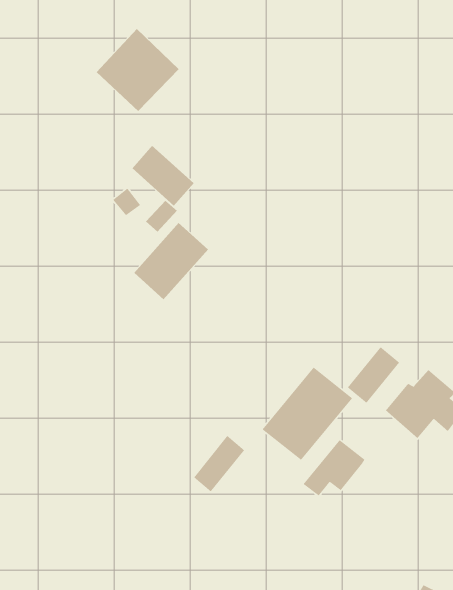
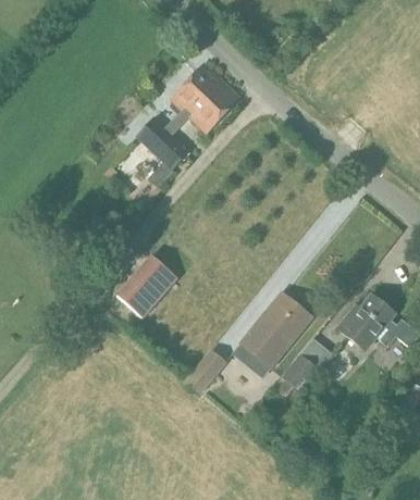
building: [96,28,179,112] -> [171,64,237,130]
building: [133,222,209,300] -> [116,254,176,316]
building: [347,346,400,404] -> none

